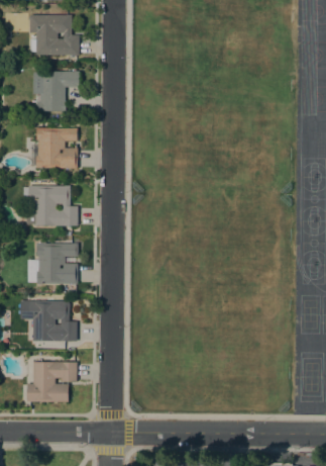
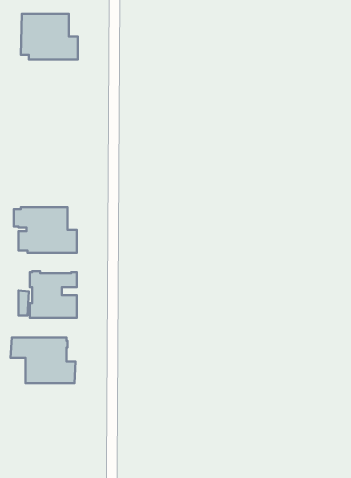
building: [33,71,80,110] -> none
building: [36,127,78,168] -> none
building: [27,361,78,401] -> none

